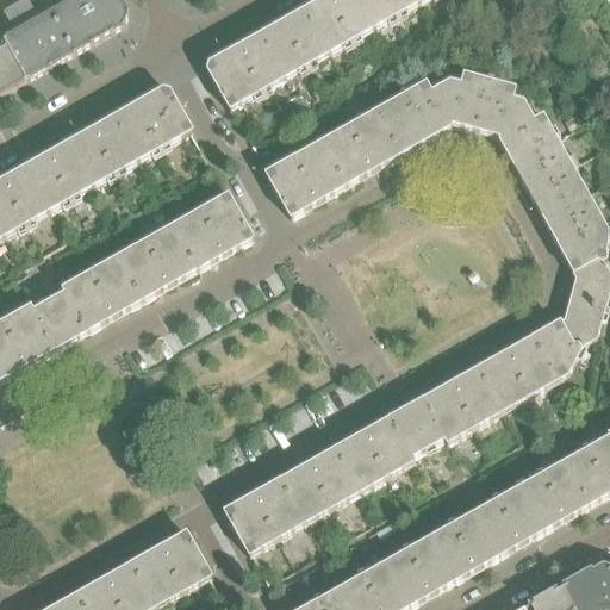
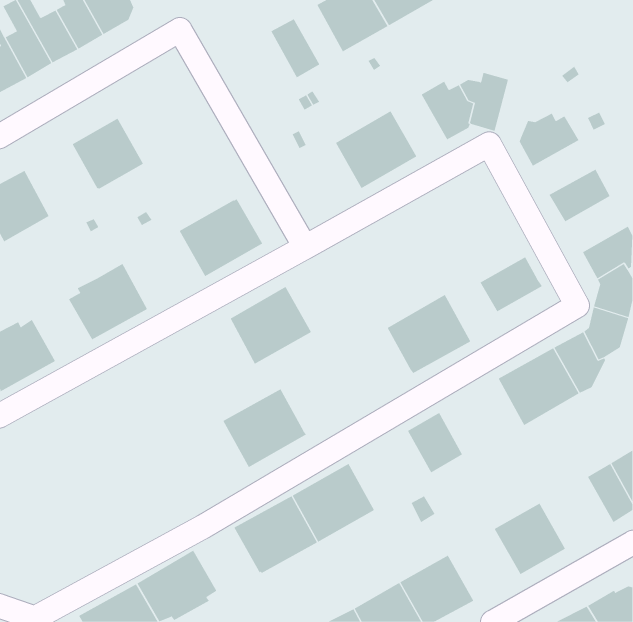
building: [282,5,329,62] -> none
building: [207,30,285,105] -> none
building: [475,76,530,132] -> none
building: [113,85,192,157] -> none
building: [375,91,429,150] -> none
building: [511,135,572,187] -> none
building: [266,137,347,213] -> none
building: [24,138,93,207] -> none
building: [542,188,603,242] -> [480,256,543,312]
building: [118,222,197,297] -> [230,286,312,364]
building: [31,287,88,347] -> none
building: [422,363,503,440] -> [387,294,471,374]
building: [335,413,416,490] -> [222,388,307,468]
building: [518,458,589,527] -> none
building: [430,508,499,577] -> none

